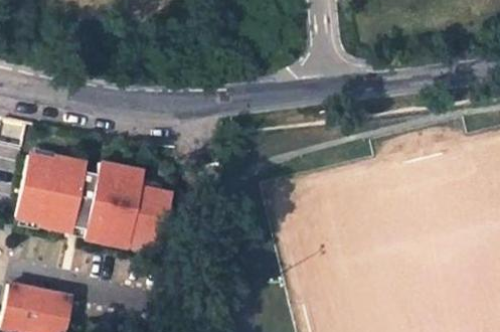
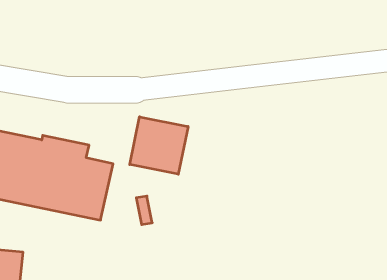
building: none -> [130,117,188,174]

